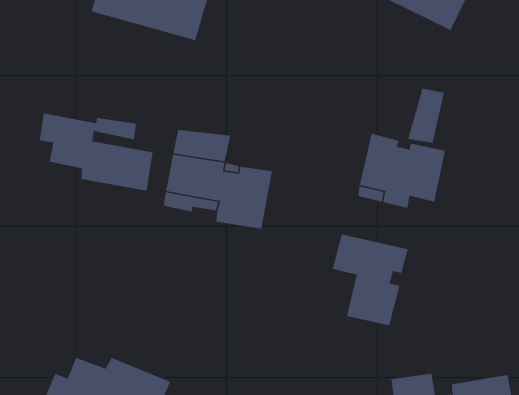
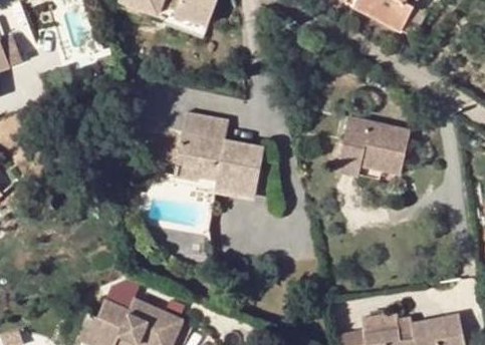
building: [407,88,445,144] -> none
building: [39,112,154,191] -> none
building: [332,234,409,326] -> none

